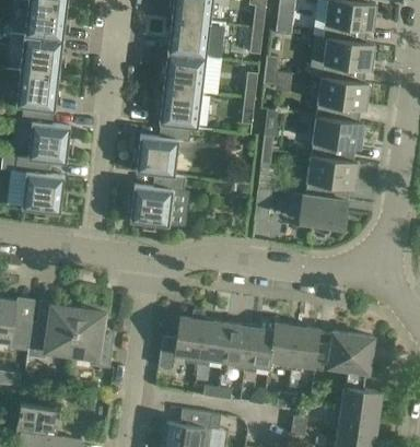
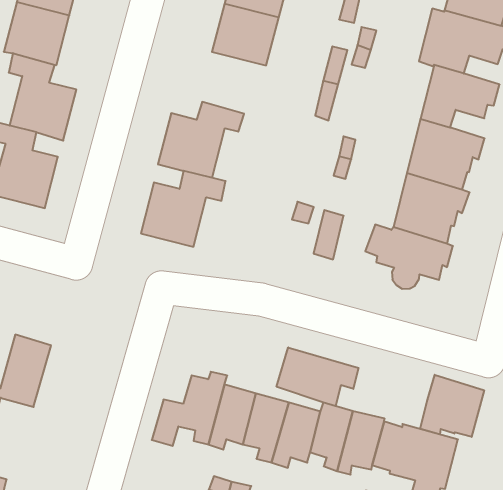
building: [159,87,202,128] -> none
building: none -> [277,347,359,406]
building: none -> [420,375,484,437]
building: [71,309,114,368] -> none

